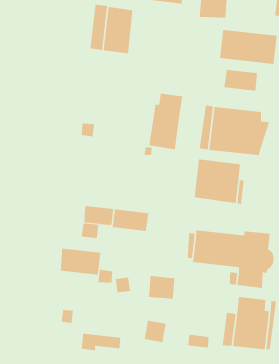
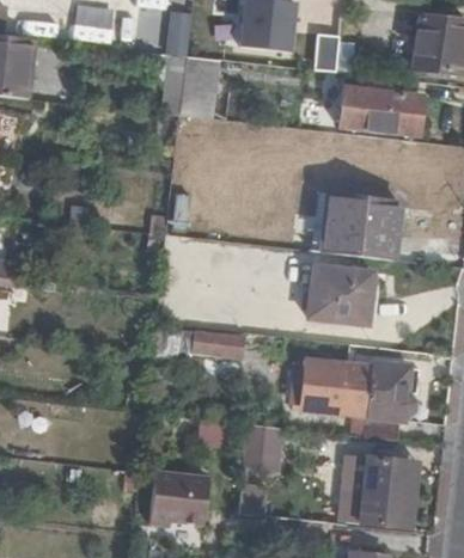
building: [224,69,258,91] -> none
building: [149,93,183,150] -> none
building: [60,248,101,275] -> [154,471,210,508]

